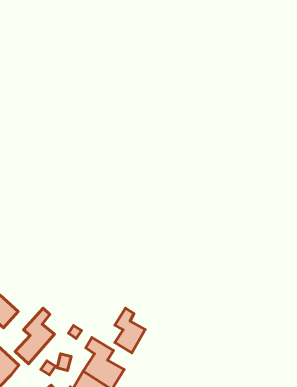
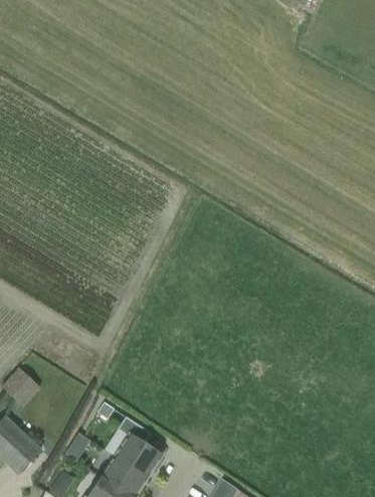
building: [15,308,54,364] -> none
building: [115,308,145,353] -> none

